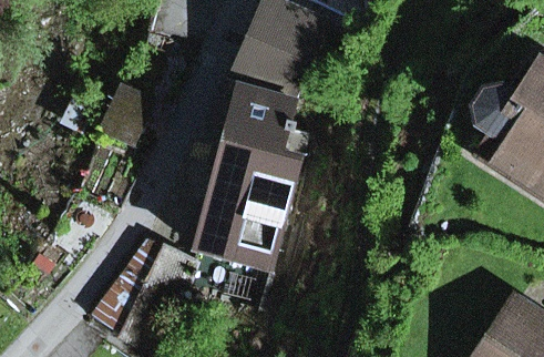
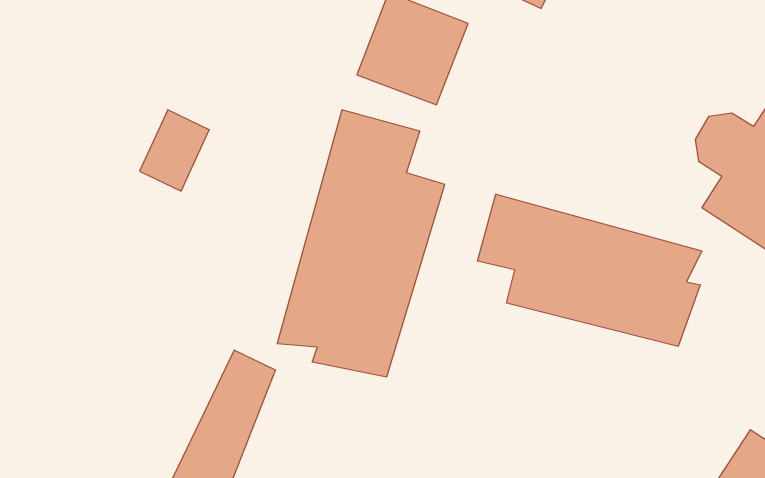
building: none -> [477,194,702,346]

